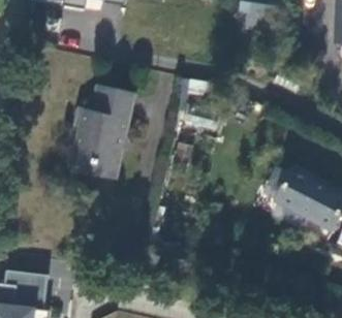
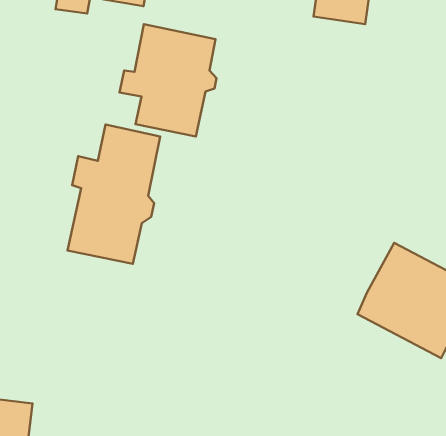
building: none -> [120,24,217,136]

